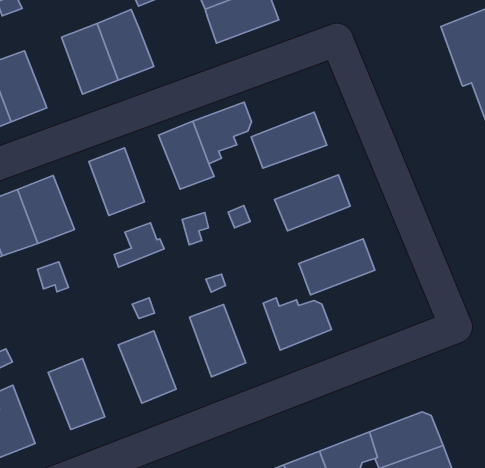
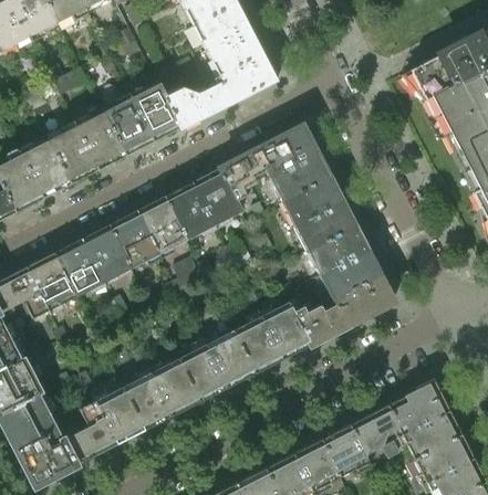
building: none -> [166,83,230,128]
building: none -> [75,113,126,171]
building: none -> [258,126,315,177]
building: none -> [165,183,214,239]
building: none -> [279,177,341,225]
building: none -> [110,211,158,267]
building: none -> [304,224,366,275]
building: none -> [329,274,394,326]
building: none -> [259,301,309,360]
building: none -> [205,328,256,388]
building: none -> [149,357,201,417]
building: none -> [95,386,146,444]

